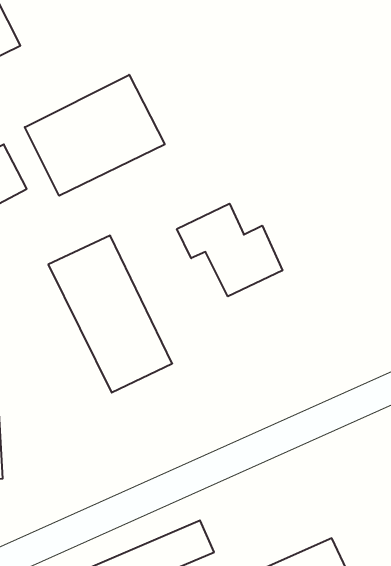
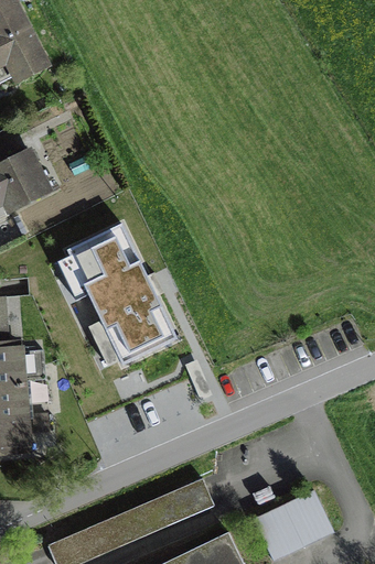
building: [25,75,165,196] -> none
building: [177,204,282,296] -> none

